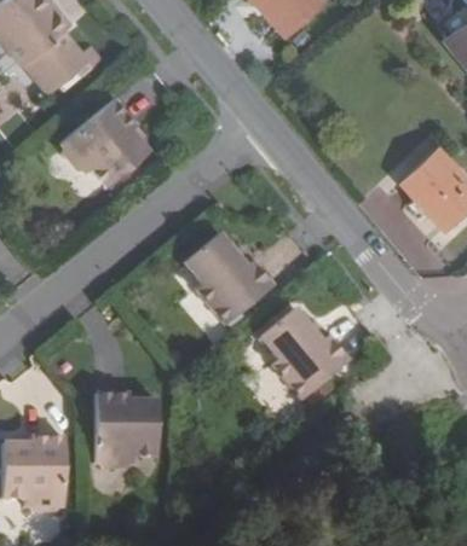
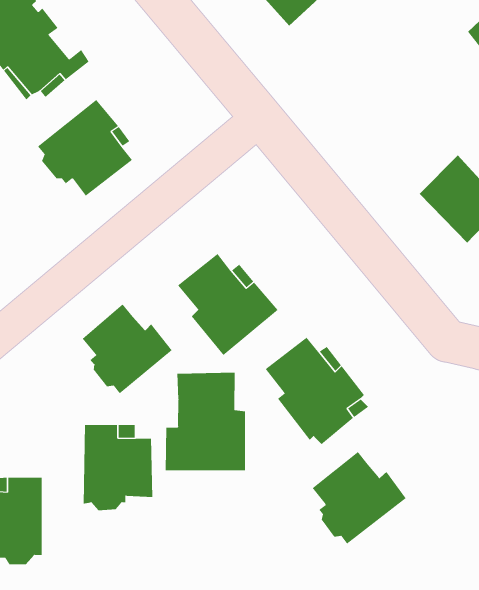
building: none -> [82,304,172,394]
building: none -> [165,372,246,471]
building: none -> [312,451,406,545]

